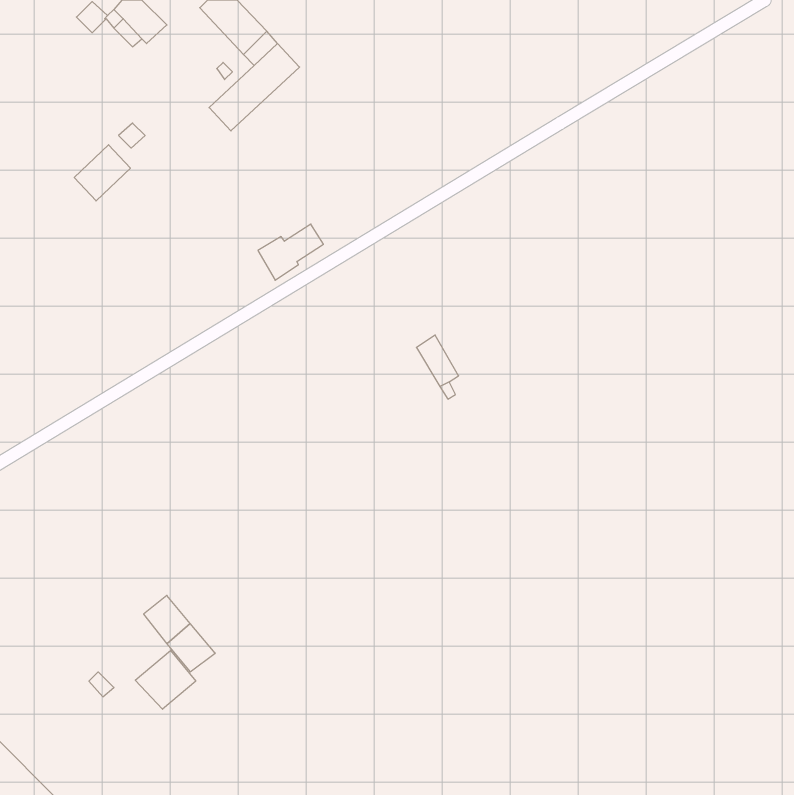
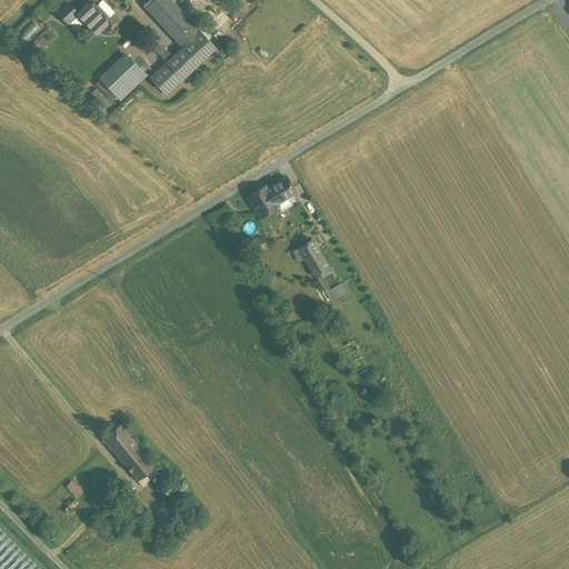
building: [74,145,130,201] -> [99,56,139,96]
building: [258,224,323,280] -> [247,178,293,218]
building: [135,650,196,709] -> none

